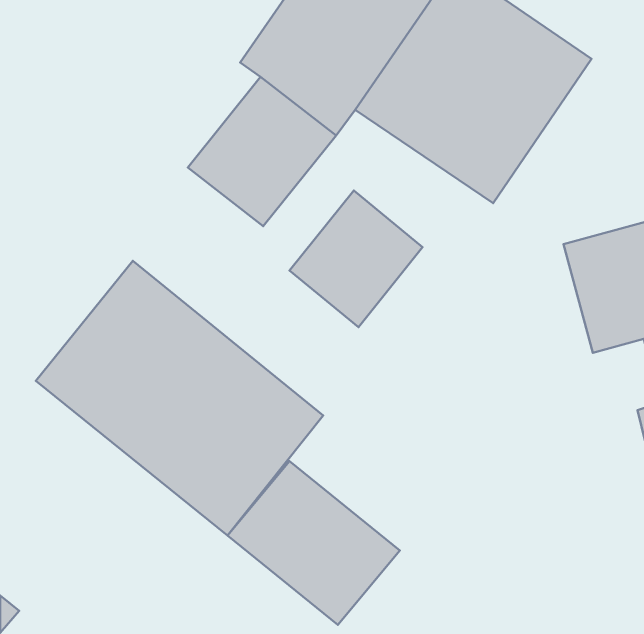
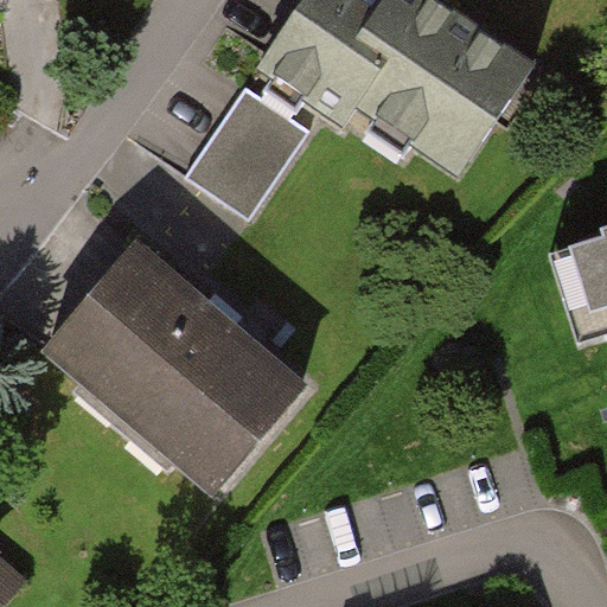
building: [290,190,423,327] -> none
building: [227,461,400,625] -> none

